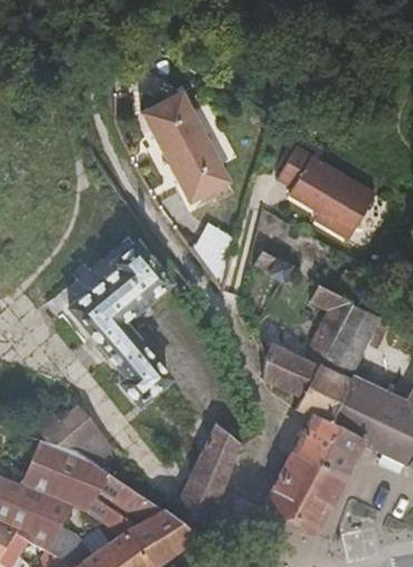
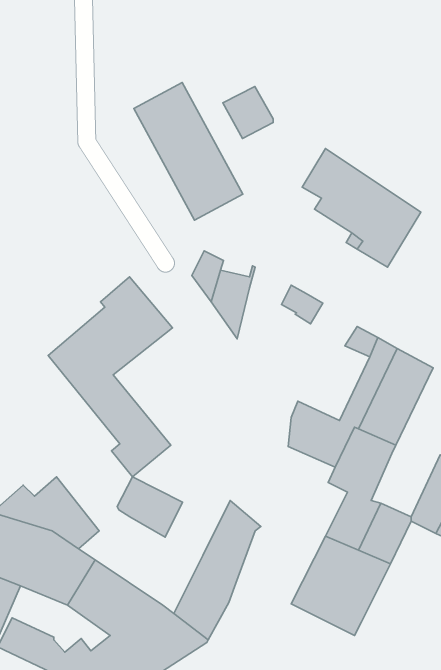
building: none -> [223,86,273,139]
building: [330,388,372,439] -> none
building: none -> [117,477,183,537]

